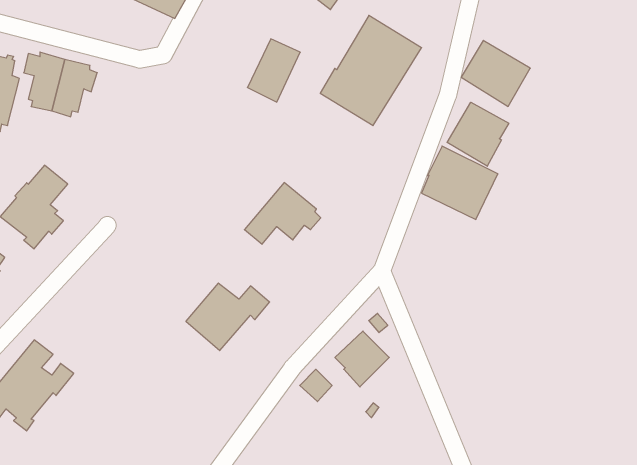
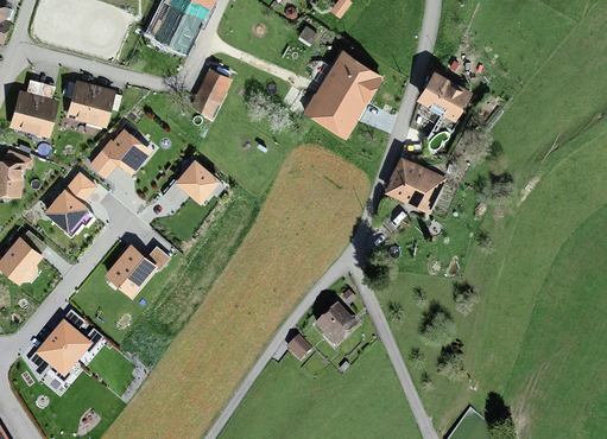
building: [247,39,300,102] -> [189,66,232,117]
building: [447,102,509,166] -> none
building: none -> [88,120,152,178]
building: [244,183,321,244] -> [162,158,223,208]
building: [186,283,270,351] -> [103,242,171,297]

